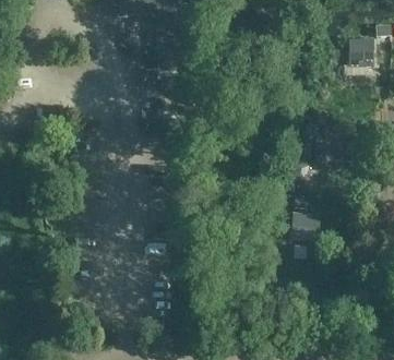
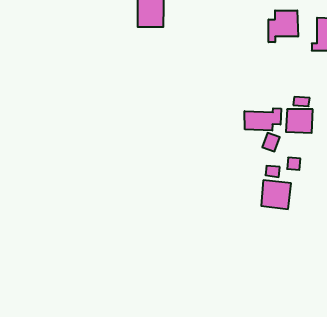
building: none -> [269,10,298,42]
building: none -> [245,108,281,131]

